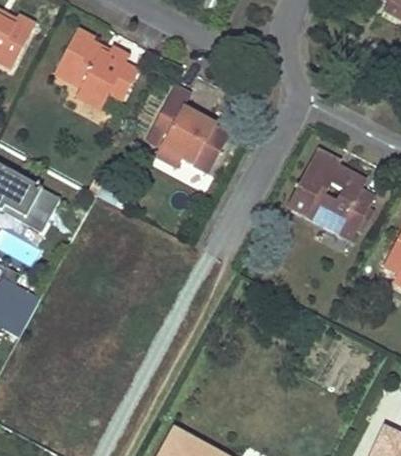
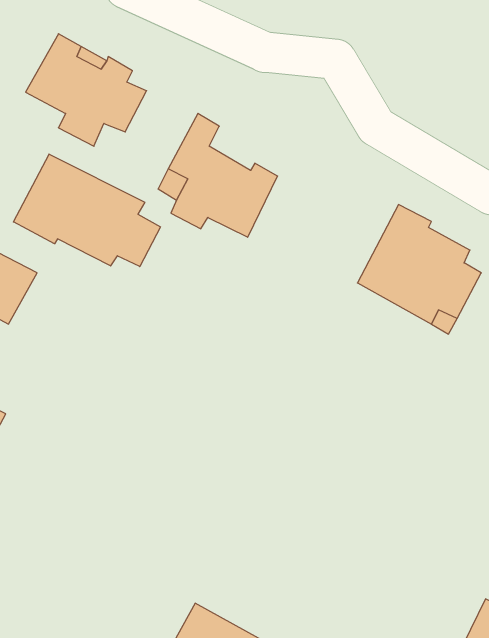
building: none -> [13,154,160,267]

